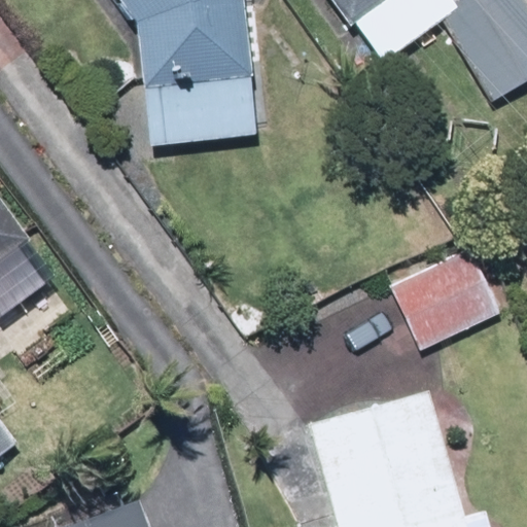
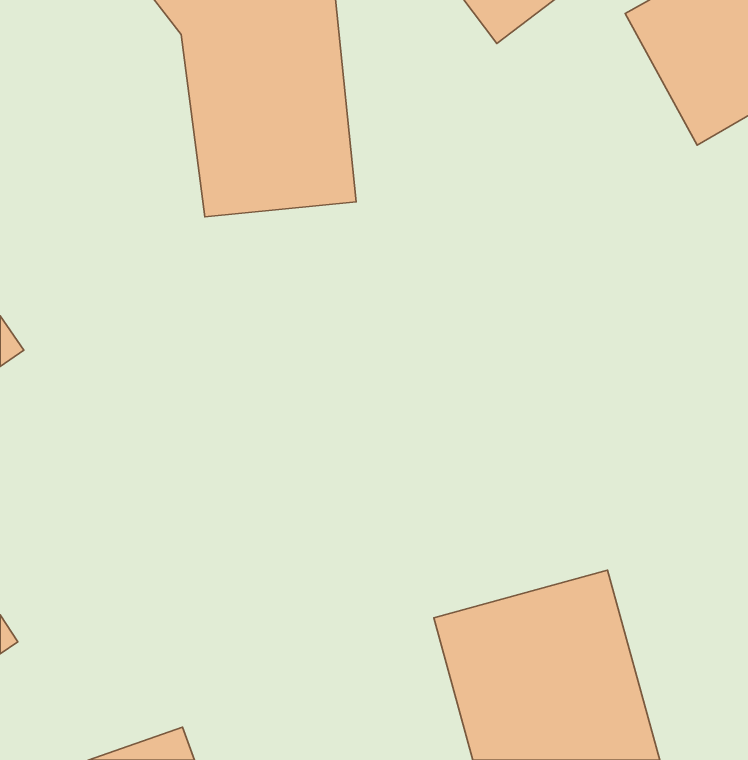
building: [393,250,500,352] -> none

